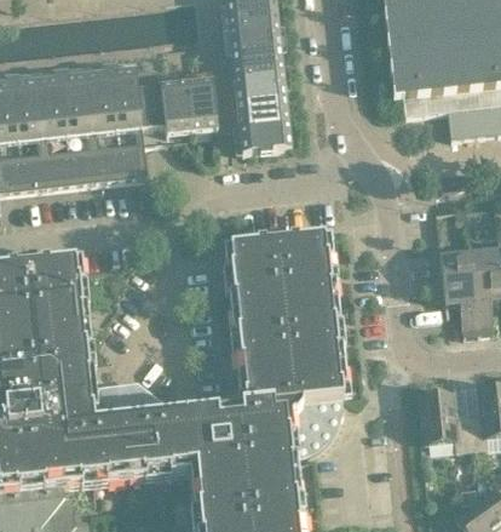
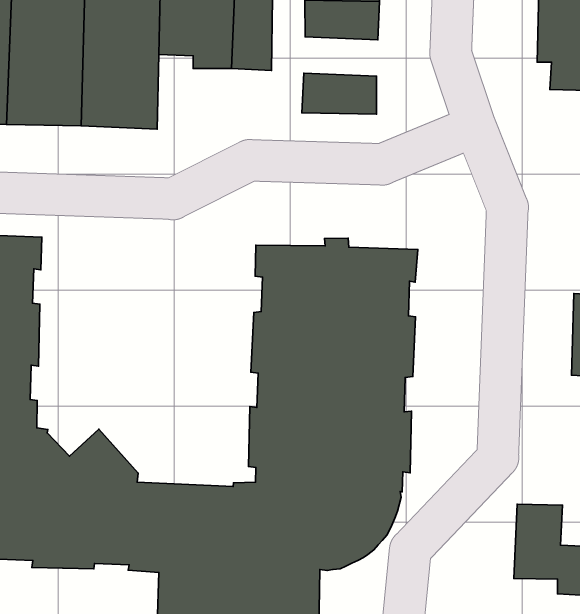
building: [236,96,287,125] -> none

